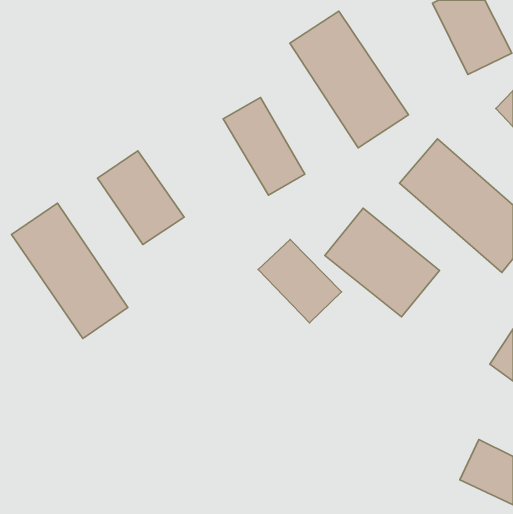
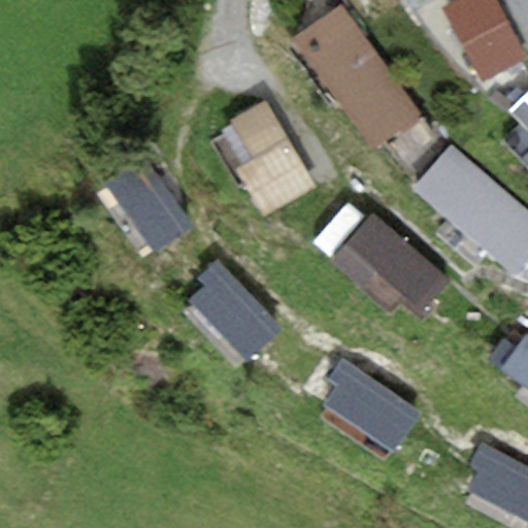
building: [12,203,128,339] -> none
building: [258,239,342,323] -> [194,273,279,359]
building: none -> [325,367,417,451]

